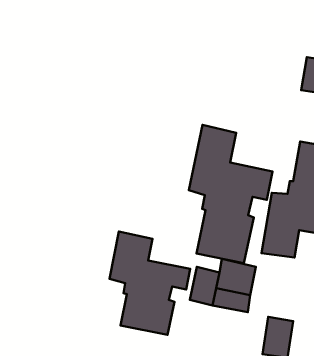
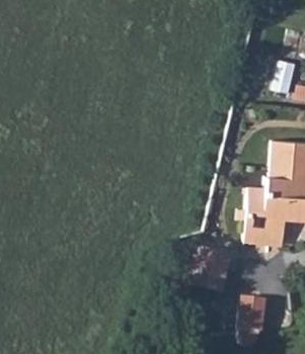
building: [189,125,273,263] -> none
building: [109,231,190,335] -> none

